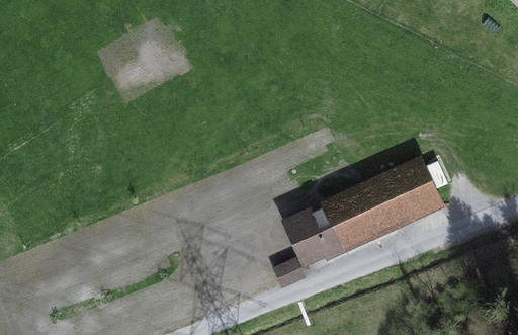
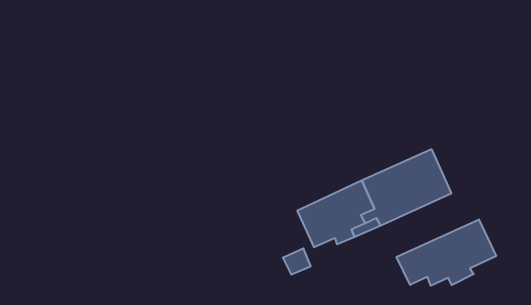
building: none -> [397,219,496,286]

